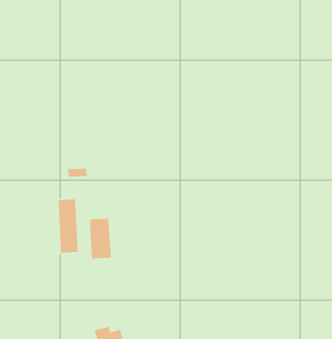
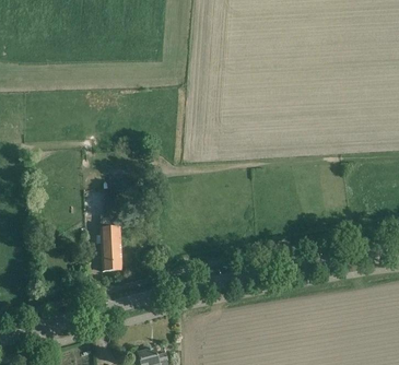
building: [90,218,111,259] -> none

